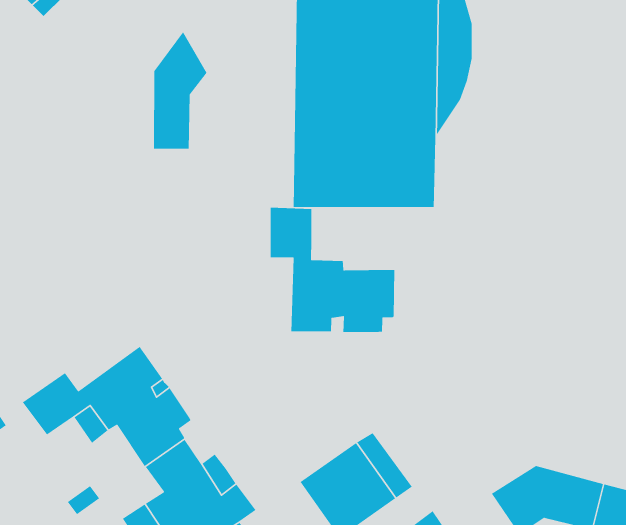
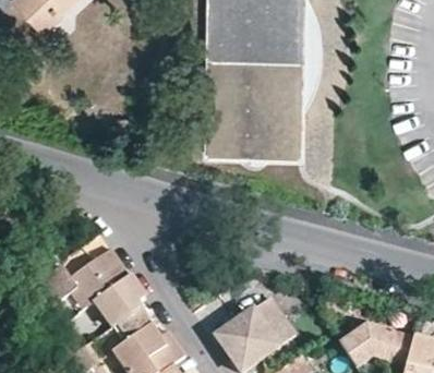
building: [153,31,208,150] -> none
building: [270,207,395,333] -> none

